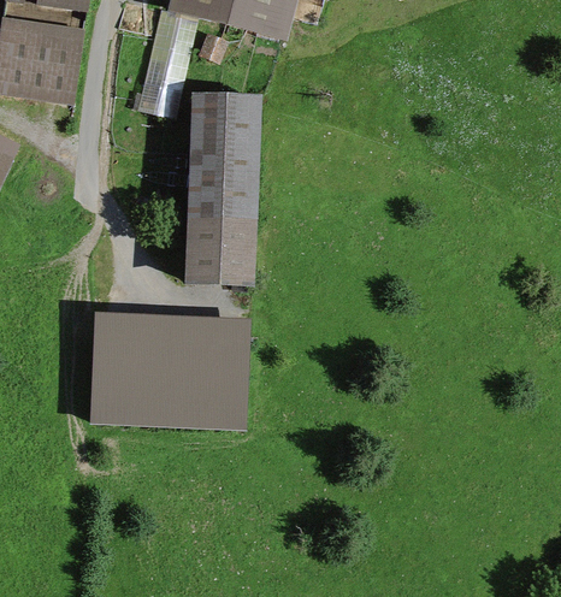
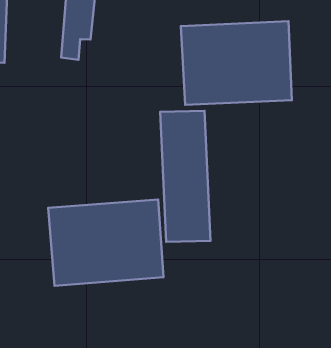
building: none -> [181,21,292,105]
building: [182,89,259,279] -> [160,111,210,242]

